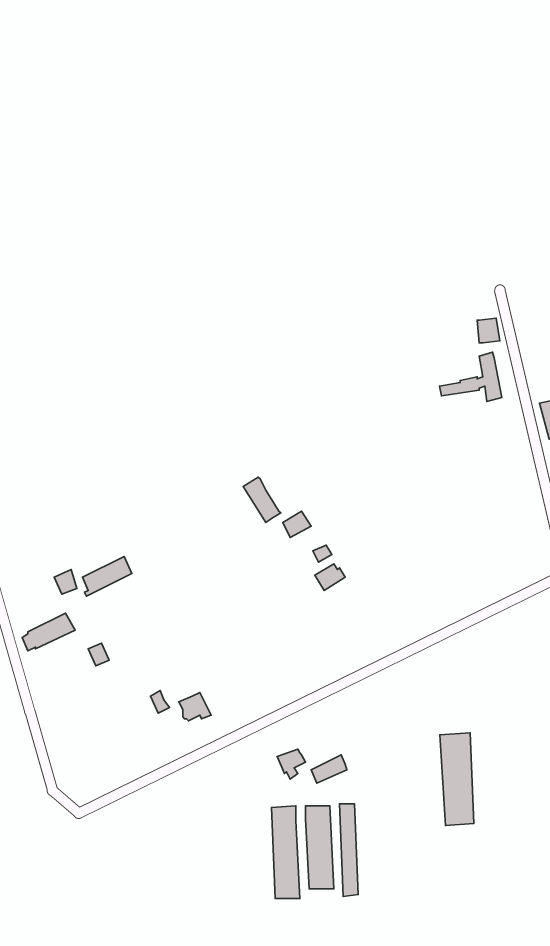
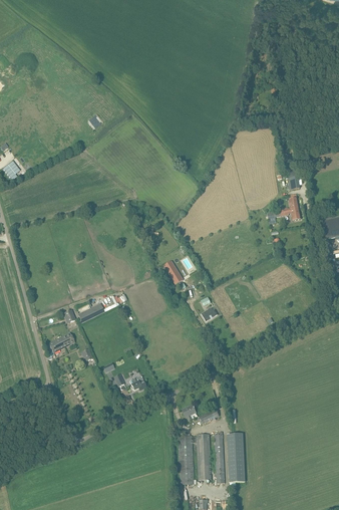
building: [440,733,474,825] -> [227,433,245,482]

